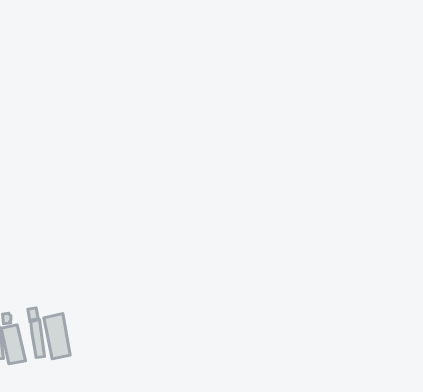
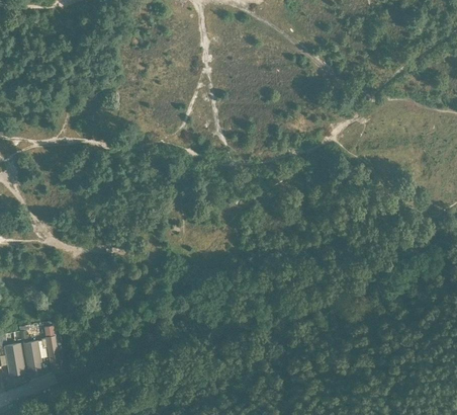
building: [44,314,70,359] -> none

